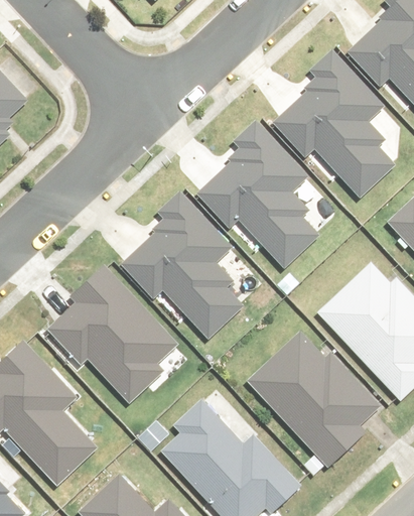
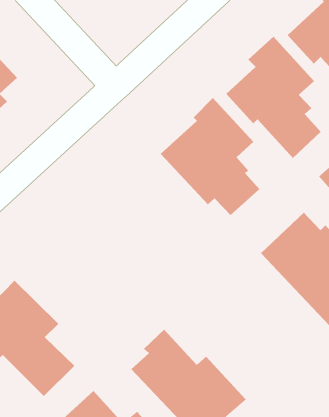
building: [122,197,241,340] -> none
building: [50,266,180,404] -> none
building: [249,328,384,476] -> none

